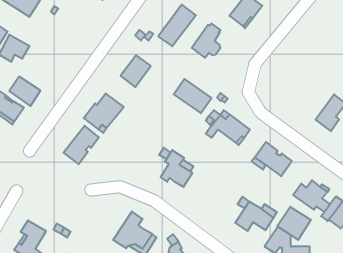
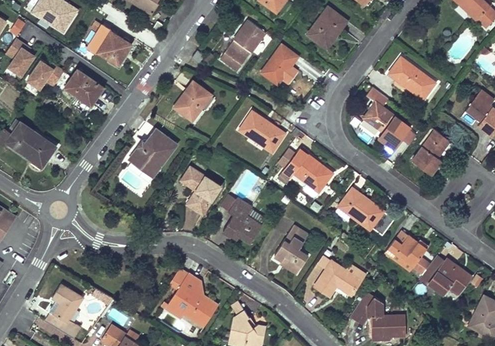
building: none -> [87,24,131,65]
building: none -> [388,57,435,99]
building: none -> [363,102,410,146]
building: [9,77,40,106] -> [65,70,103,106]
building: none -> [181,167,221,214]
building: [63,126,99,164] -> none
building: none -> [274,226,308,273]
building: [277,207,311,240] -> none

